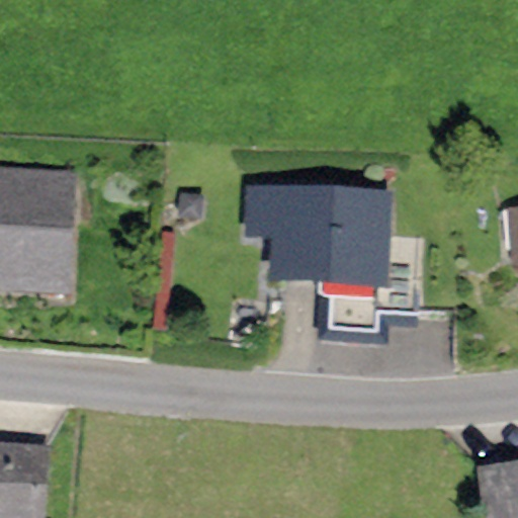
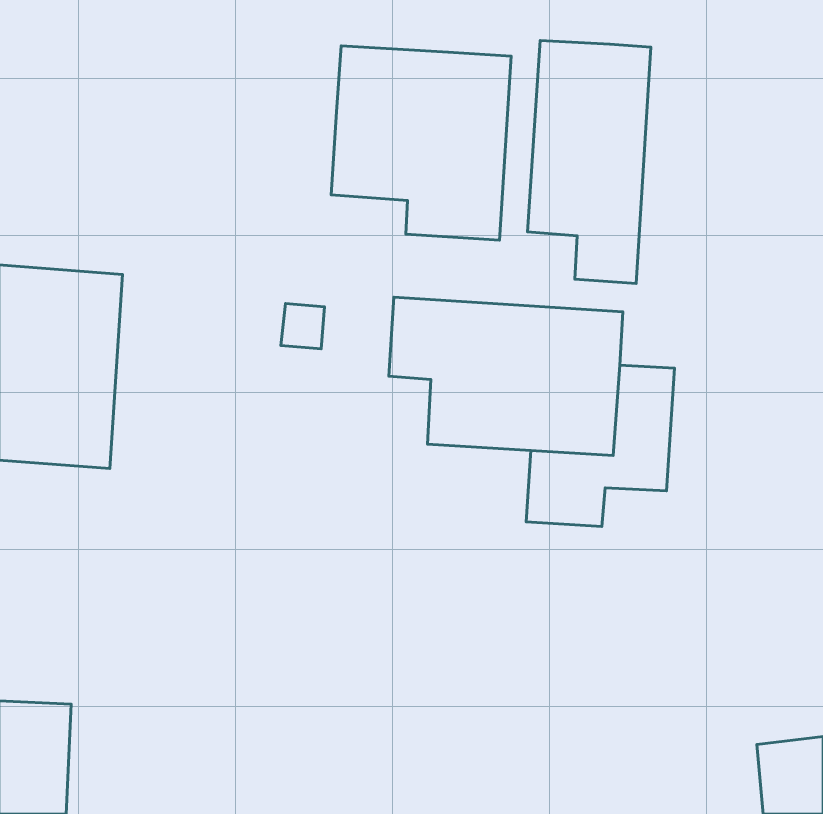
building: none -> [528,41,651,283]
building: none -> [331,46,511,240]

